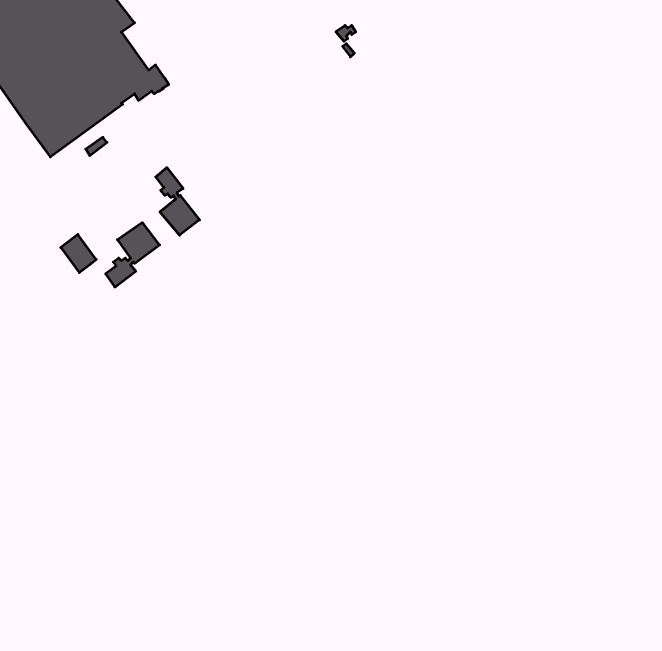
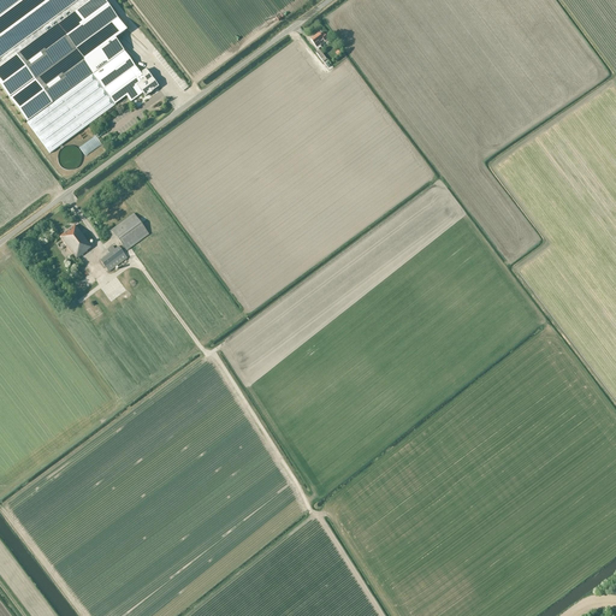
building: [156,168,200,235] -> none

